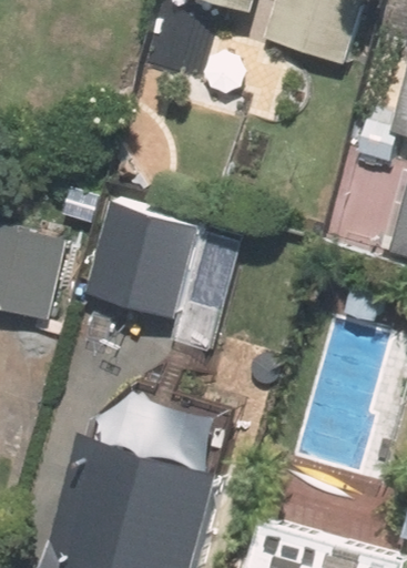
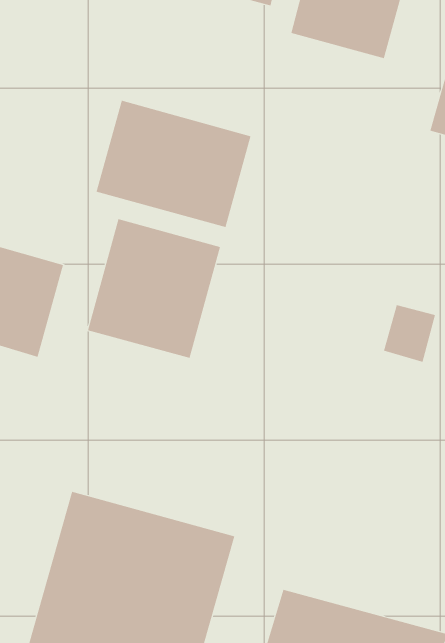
building: none -> [96,100,251,228]

